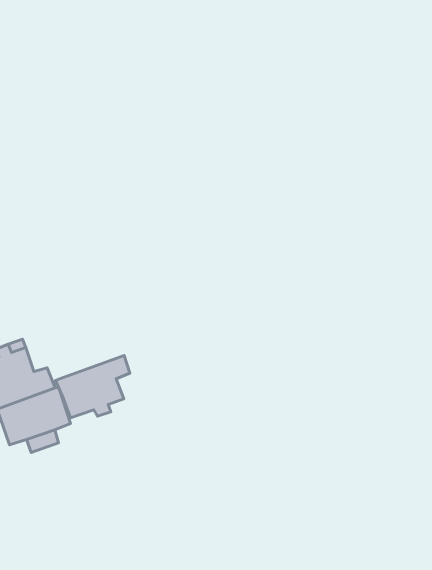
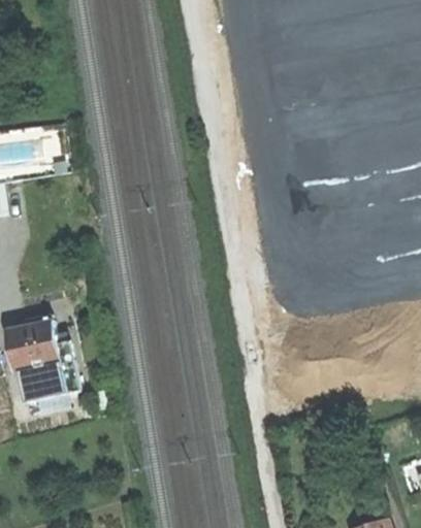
building: [56,356,130,418] -> none

